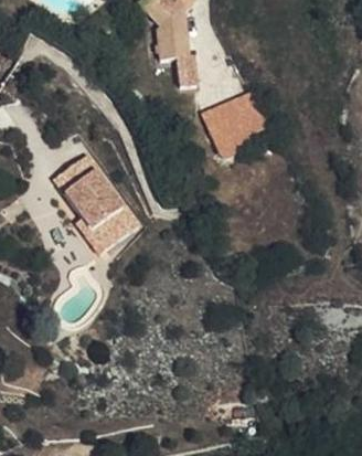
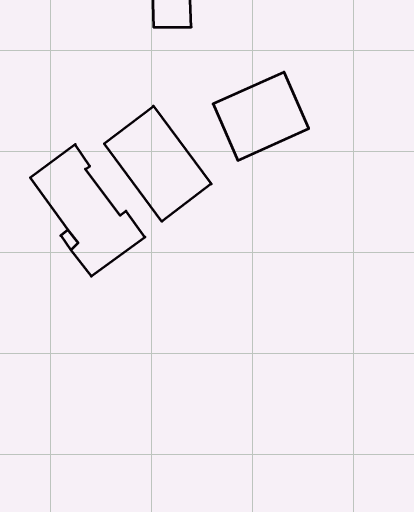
building: none -> [104,106,211,221]

